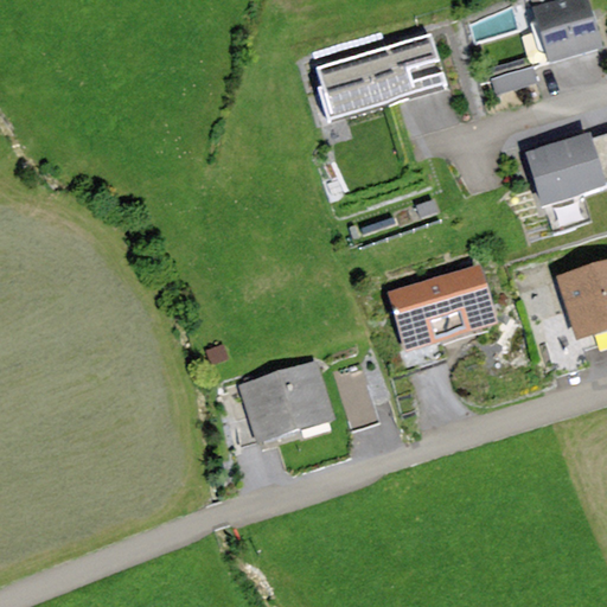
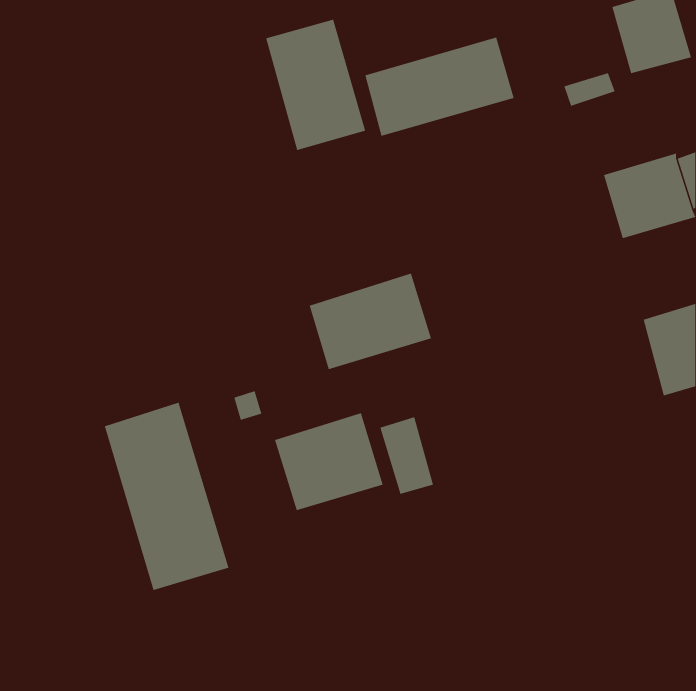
building: none -> [266,19,366,151]
building: [389,264,496,349] -> [309,273,432,370]
building: none -> [104,402,229,591]

